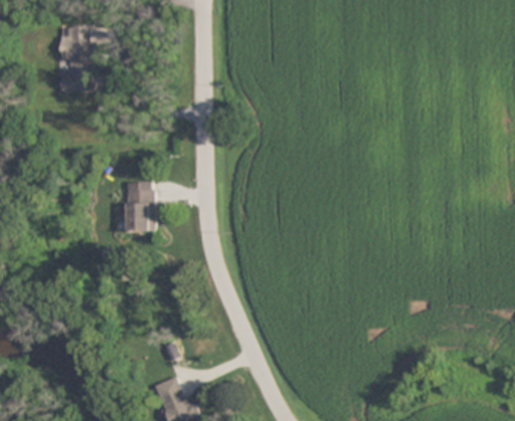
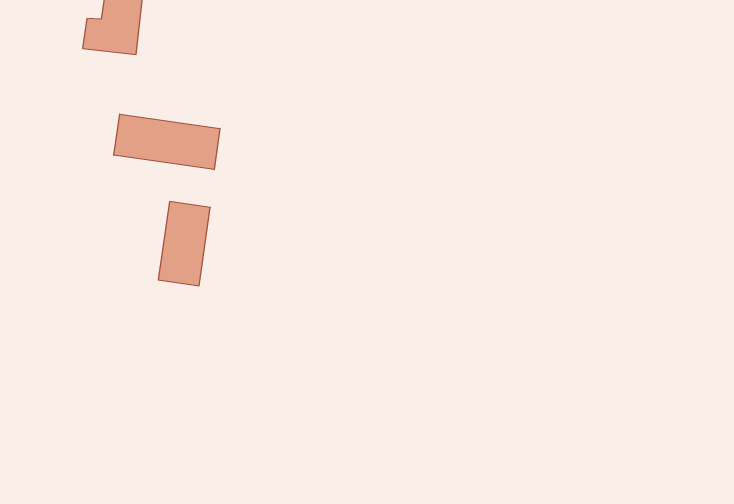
building: none -> [114,114,220,170]

